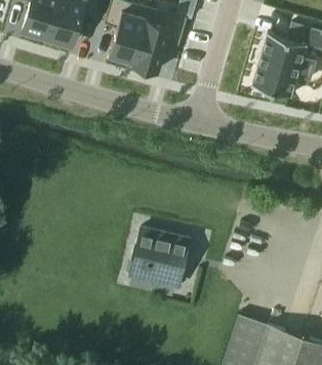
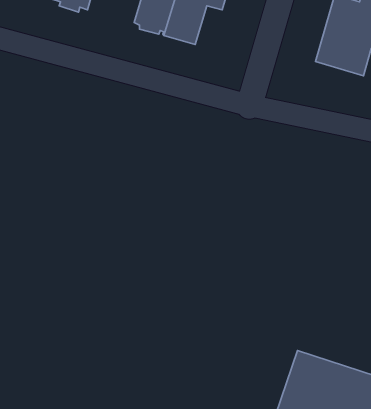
building: [130,228,189,287] -> none

